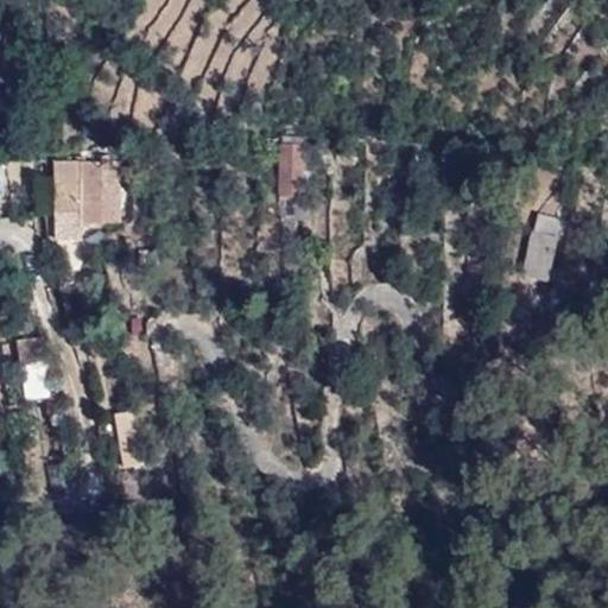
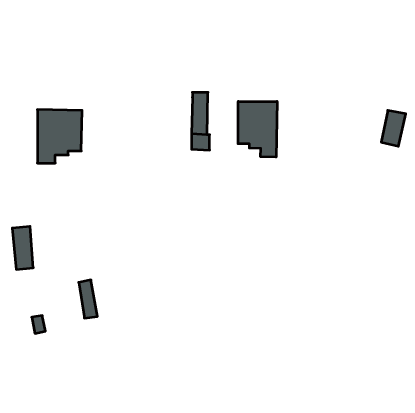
building: none -> [238,101,277,157]
building: [518,228,553,280] -> [381,110,406,146]

